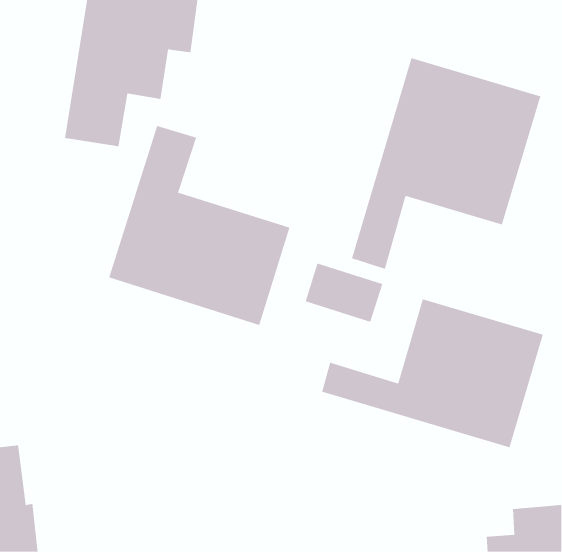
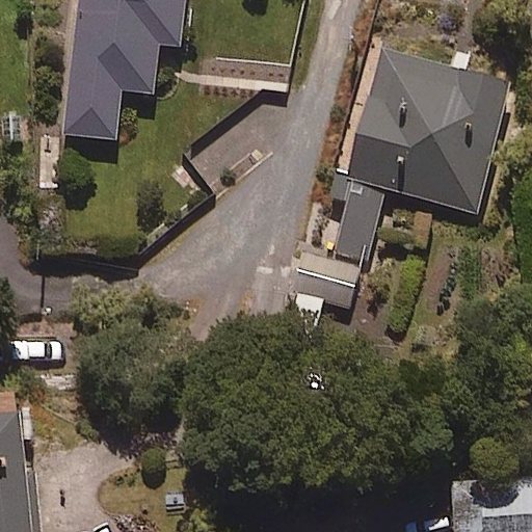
building: [108,125,290,326] -> none
building: [322,299,544,448] -> none

